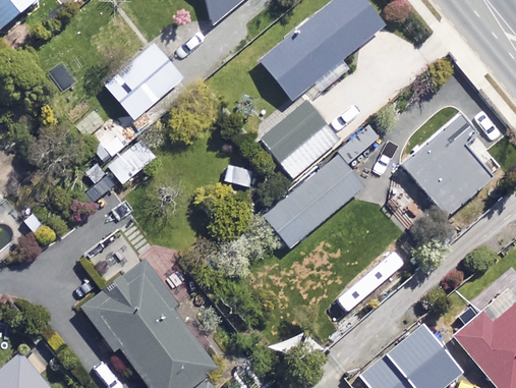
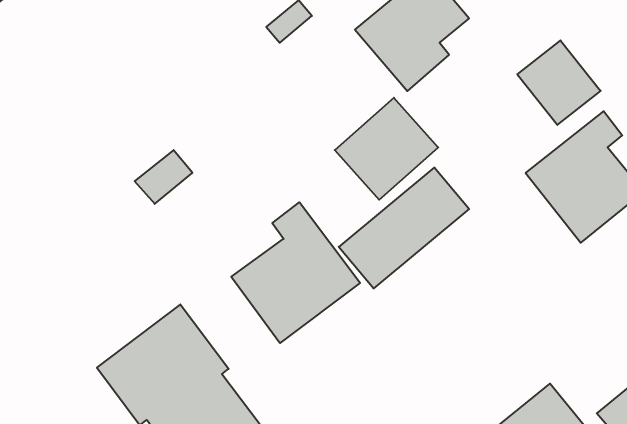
building: [105,47,180,119] -> none
building: none -> [517,40,601,125]
building: none -> [231,202,360,343]

